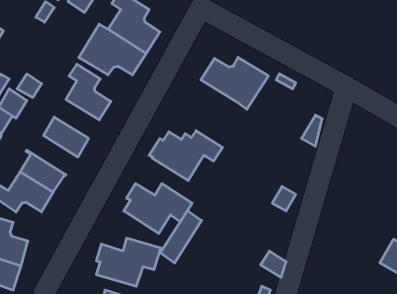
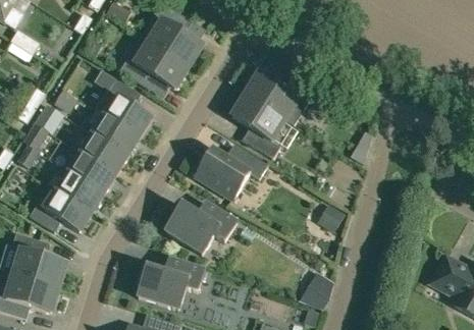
building: none -> [231,94,285,158]
building: none -> [93,114,140,154]
building: none -> [64,145,117,192]
building: [161,211,202,263] -> none

